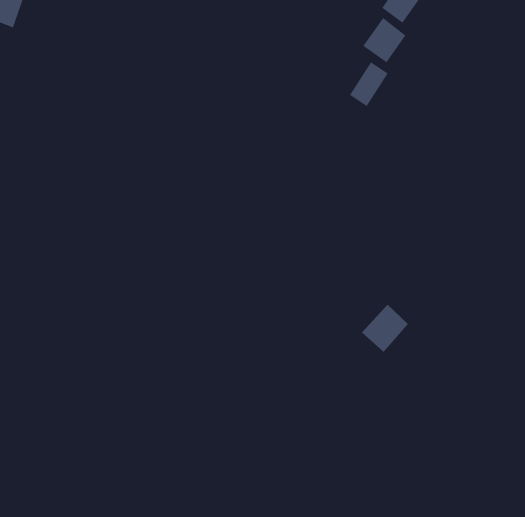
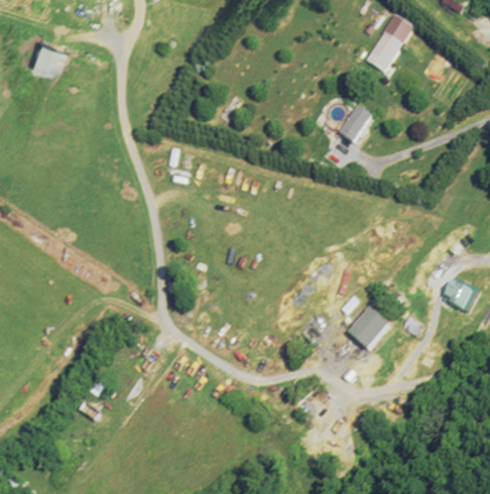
building: [362,17,406,63] -> none
building: none -> [443,276,479,312]

